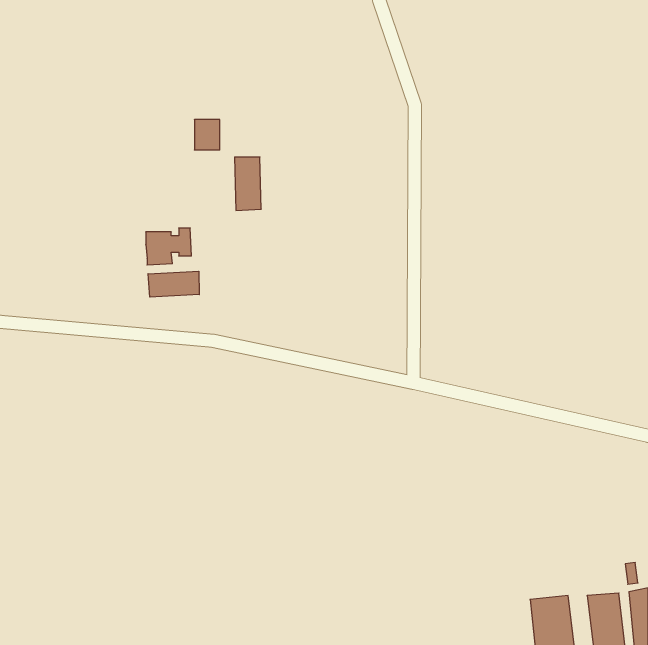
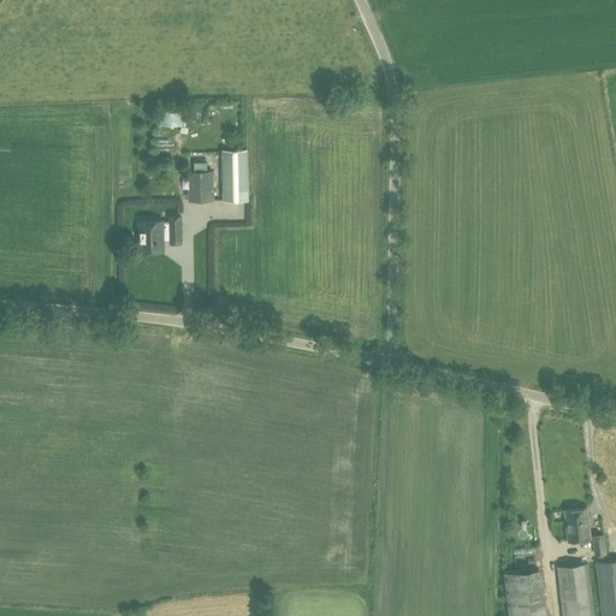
building: [194,120,220,150] -> [189,173,213,202]
building: [148,271,199,297] -> none
building: none -> [565,510,590,543]

